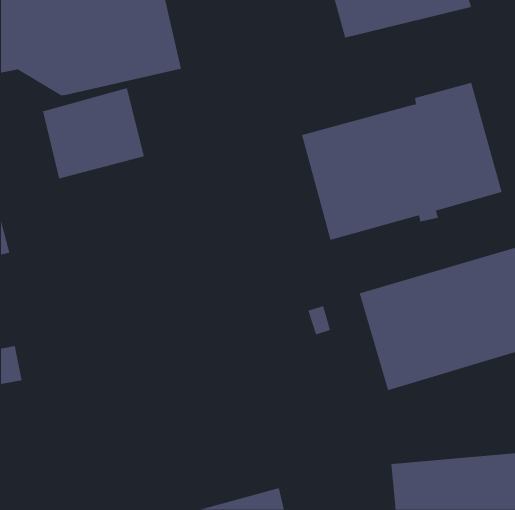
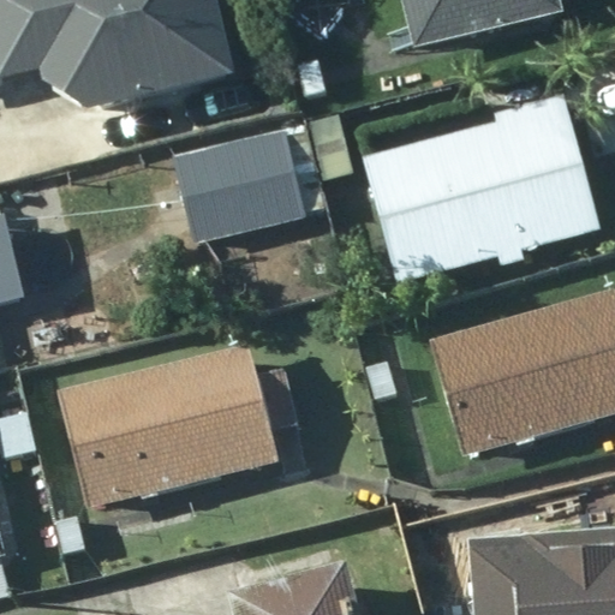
building: [42,87,145,179] -> [183,127,303,234]
building: none -> [60,346,274,500]

